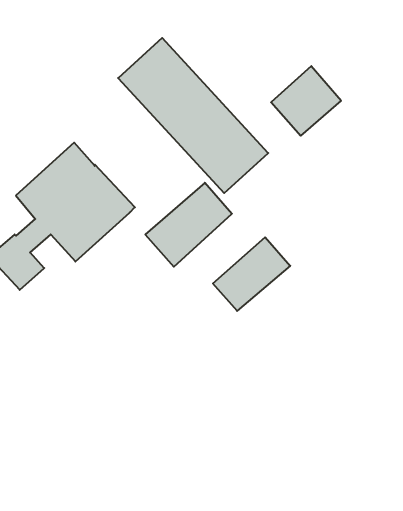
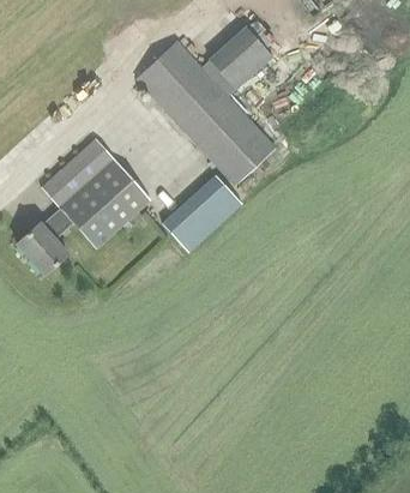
building: [271,66,341,136] -> [209,25,273,90]
building: [213,237,290,311] -> none

